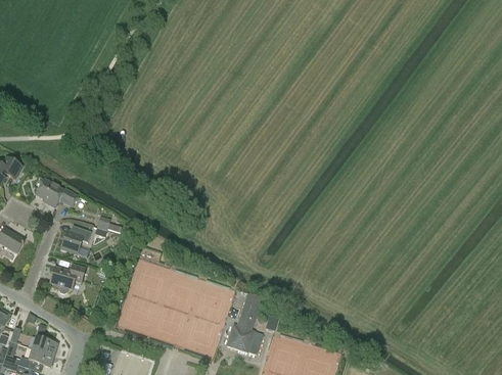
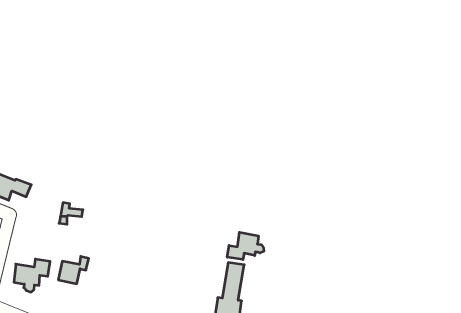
building: [60,229,91,253] -> [58,256,89,284]
building: none -> [227,232,264,260]

